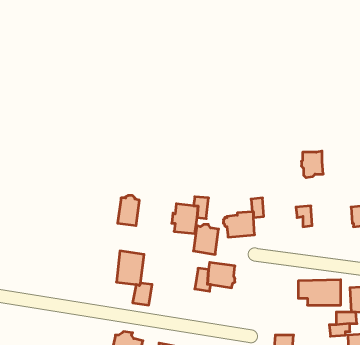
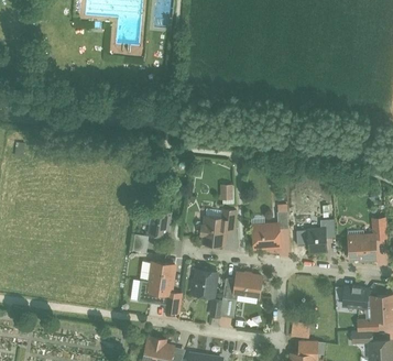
building: [301,151,323,178] -> [306,228,327,253]
building: none -> [348,234,375,260]
building: [193,224,219,254] -> [193,267,217,296]

